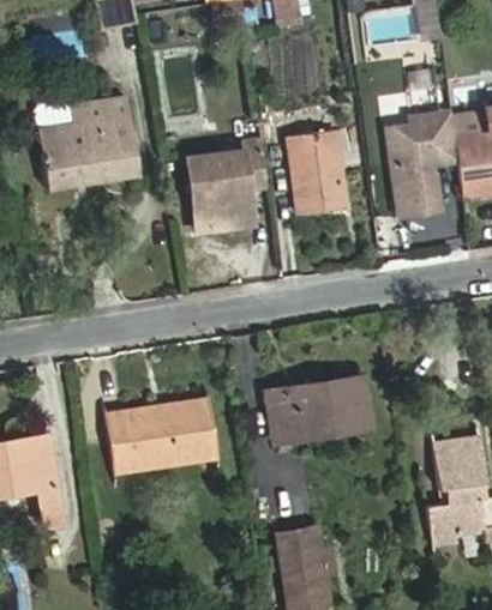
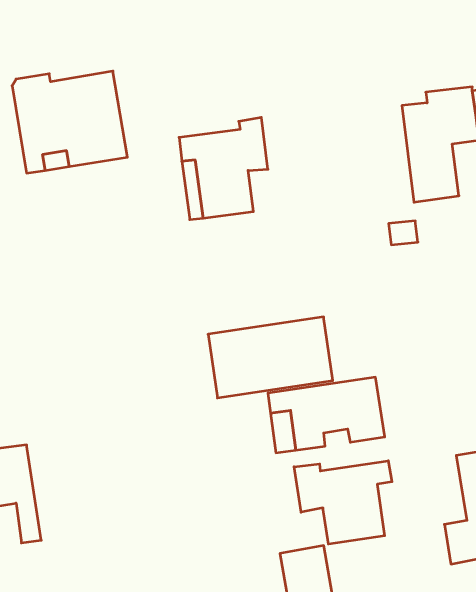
building: [288,129,344,216] -> none
building: [104,399,217,472] -> [208,317,333,398]
building: none -> [294,461,392,544]

